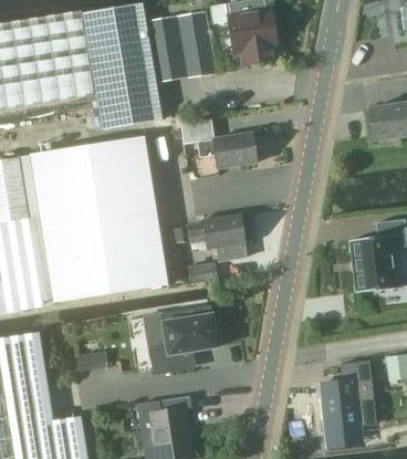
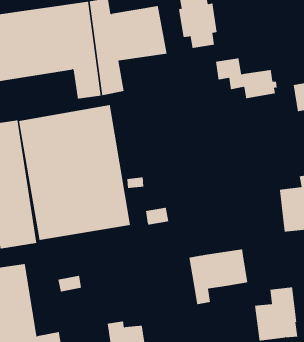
building: [184,117,261,168] -> [215,58,278,99]
building: [189,212,244,261] -> none
building: [145,306,219,376] -> [188,249,248,305]

